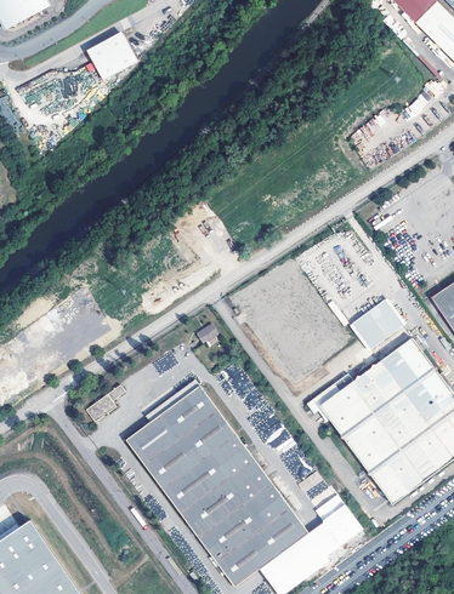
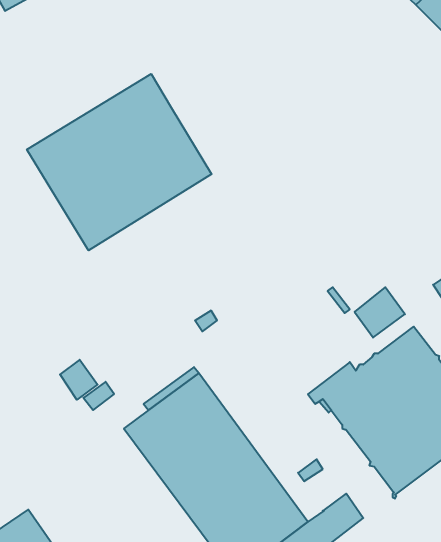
building: [87,33,136,79] -> none
building: none -> [27,74,212,250]
building: none -> [60,360,98,400]

